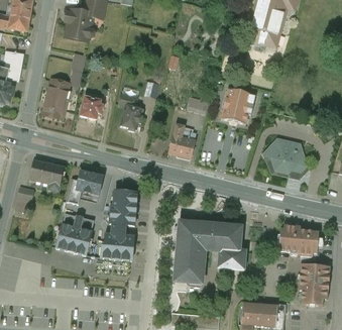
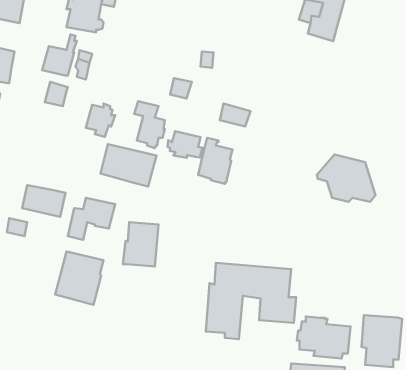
building: [42,86,70,118] -> [42,35,77,75]
building: [221,89,251,123] -> none
building: none -> [168,131,202,158]
building: none -> [101,144,156,186]
building: [276,223,319,256] -> [297,316,350,358]
building: [100,233,133,260] -> none

